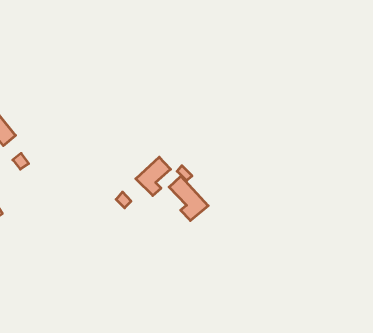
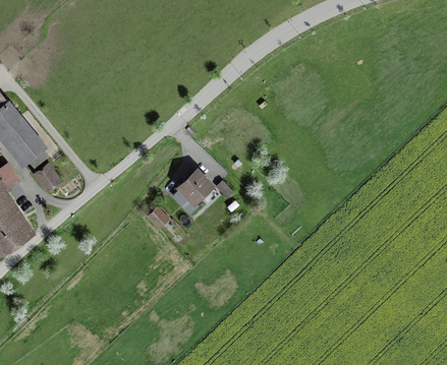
building: [169,176,208,221] -> none

